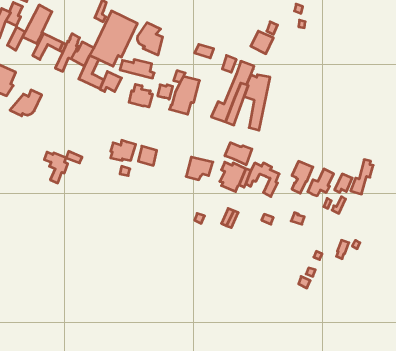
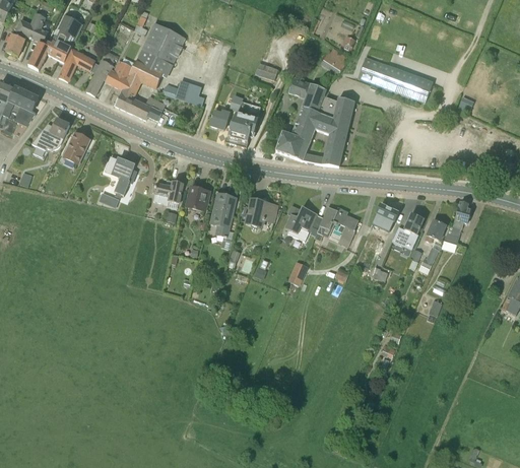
building: [137,23,163,55] -> none
building: none -> [359,56,434,102]
building: [129,84,152,107] -> none
building: none -> [63,132,89,162]
building: [225,143,252,165] -> none
building: [44,152,68,183] -> [108,157,136,195]
building: none -> [209,193,234,237]

